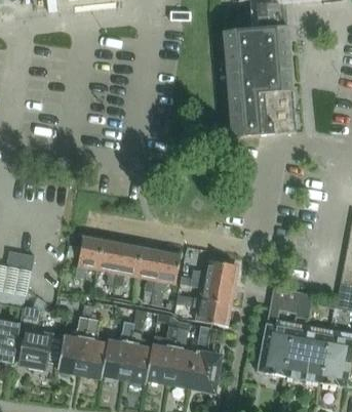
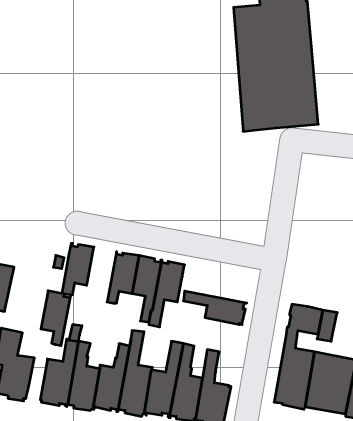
building: [97,237,123,284] -> [41,291,71,346]
building: [192,258,238,285] -> none
building: [177,294,230,325] -> none

